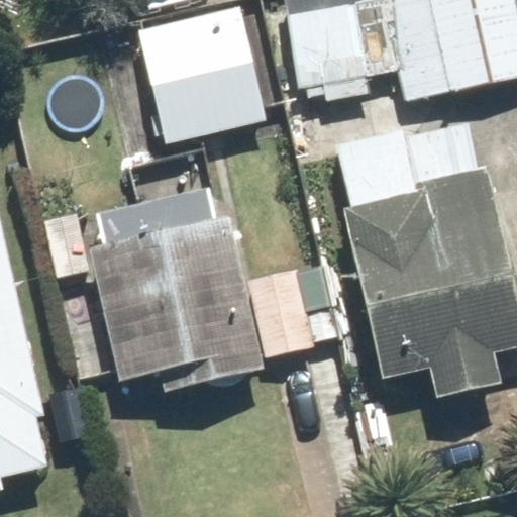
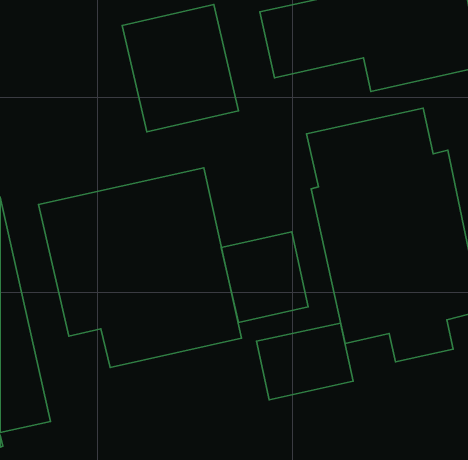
building: none -> [256,323,353,400]

